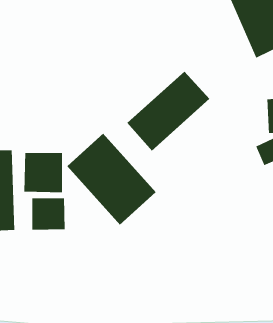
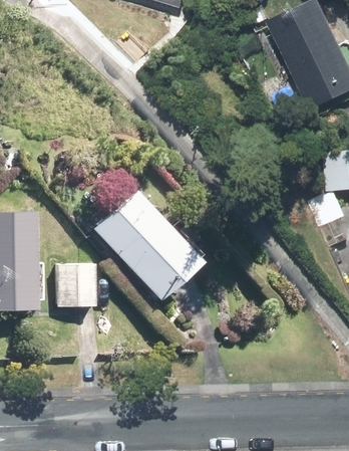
building: [127,71,210,151] -> none
building: [24,152,63,193] -> none

